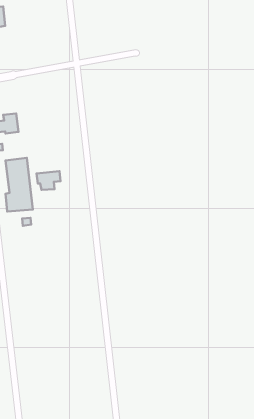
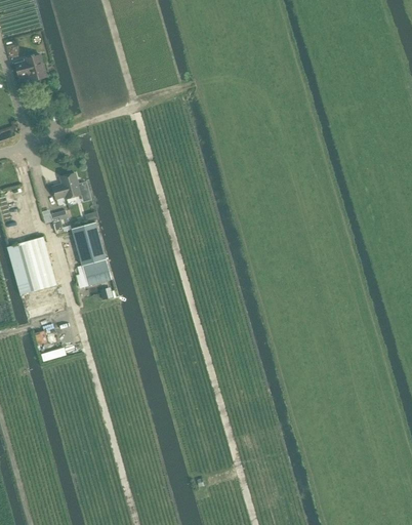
building: [37,171,61,190] -> none

